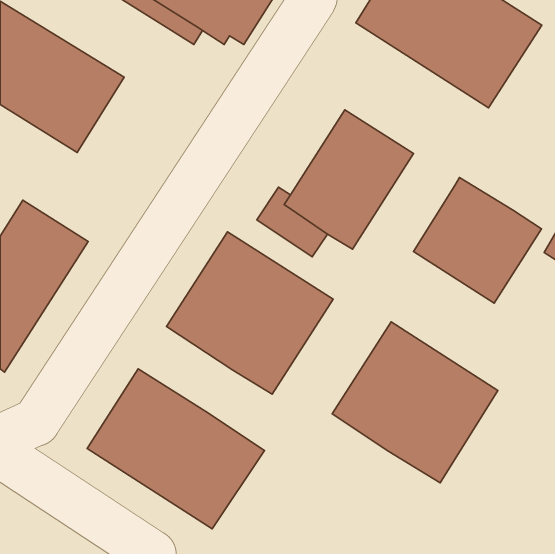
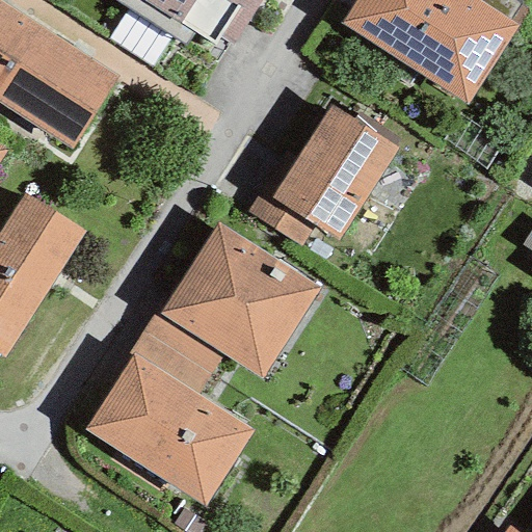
building: [413,178,541,303] -> none
building: [332,322,498,483] -> none
building: none -> [130,309,223,393]

